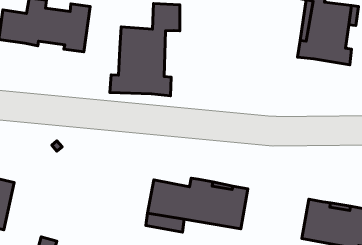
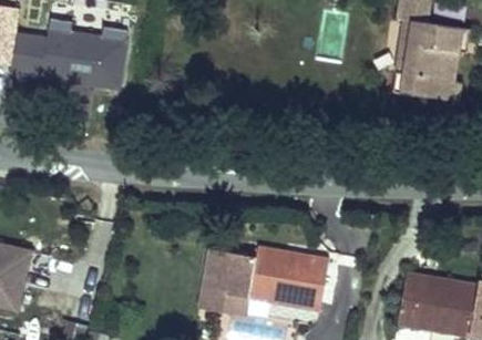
building: [110,4,180,96] -> none

